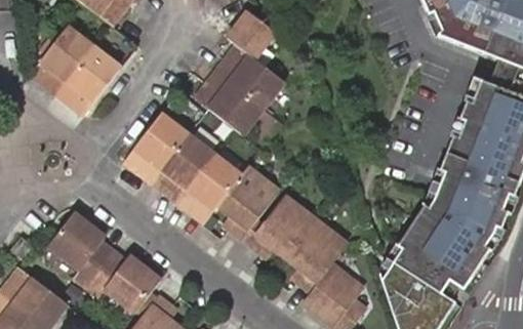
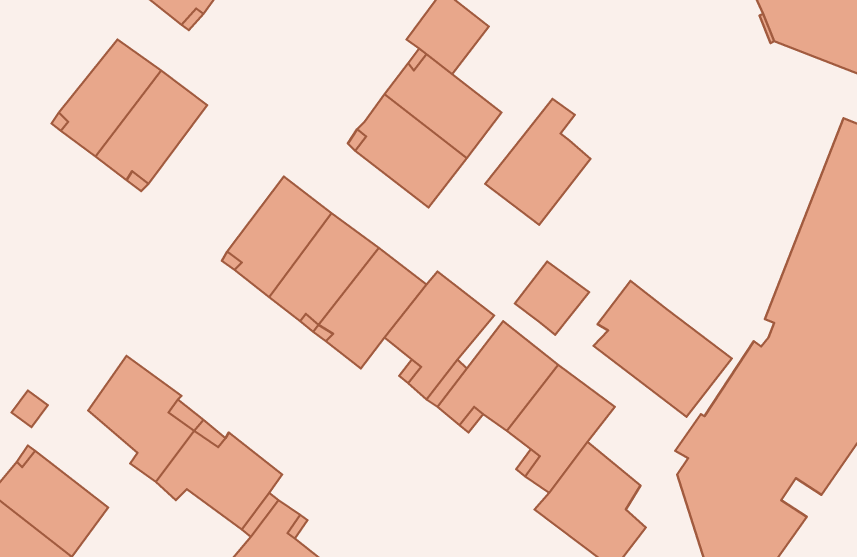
building: none -> [485,99,591,225]
building: none -> [515,261,589,335]
building: none -> [594,281,732,417]

